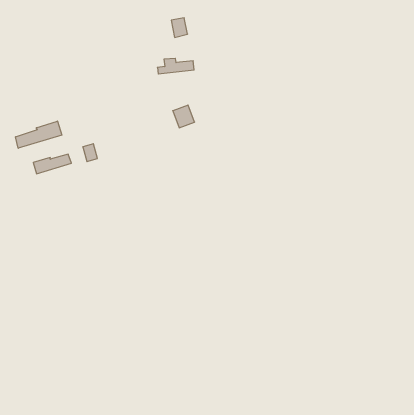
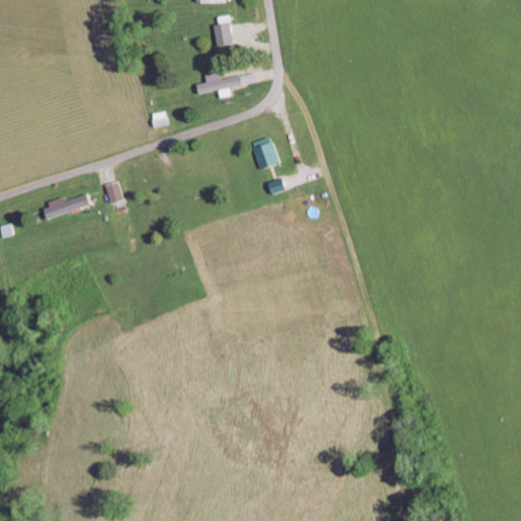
building: [173,105,195,128] -> [252,141,280,170]
building: [16,121,62,148] -> none

